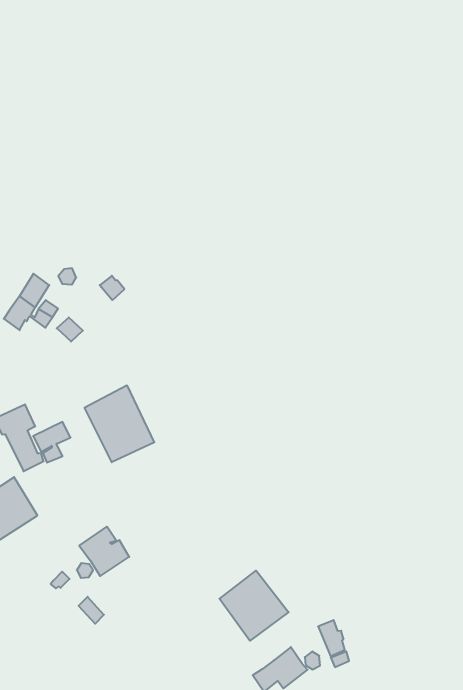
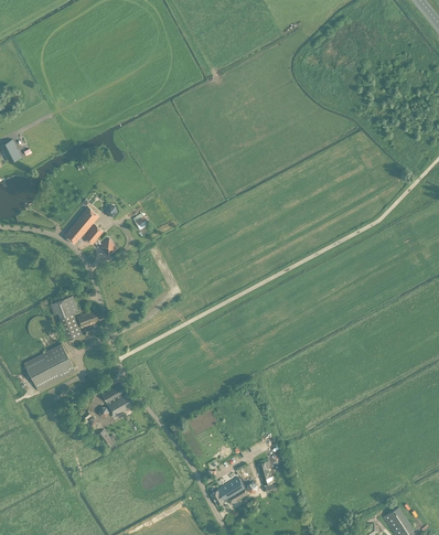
building: [85,385,154,462] -> none
building: [219,571,289,641] -> none

